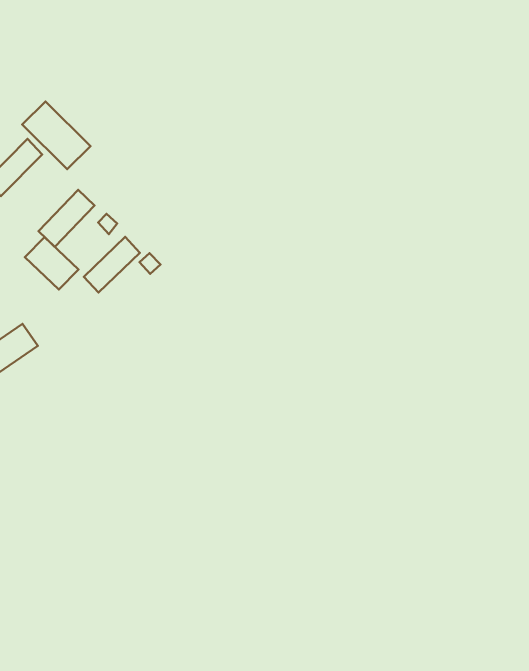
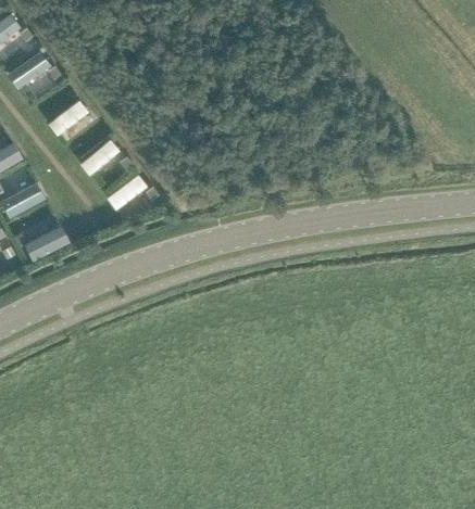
building: [22,101,91,169] -> none
building: [25,237,78,290] -> none

